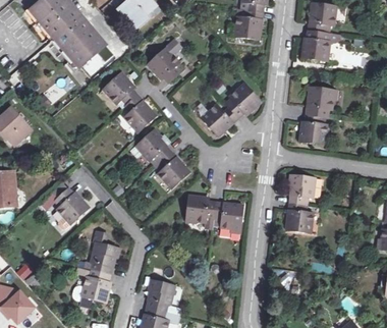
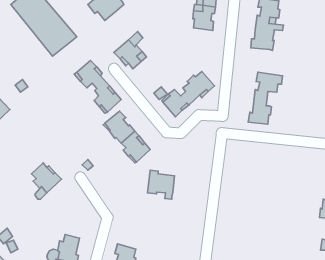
building: [286,174,314,231] -> none
building: [214,202,243,232] -> none
building: [91,229,119,272] -> none

